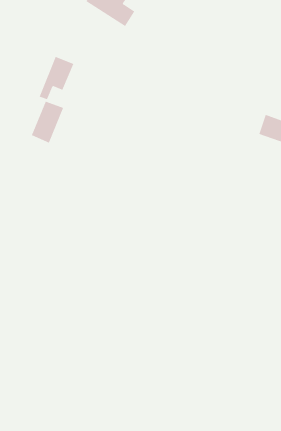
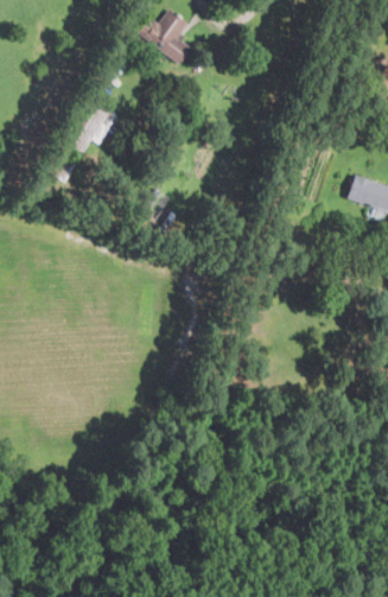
building: [31,101,64,143] -> none

